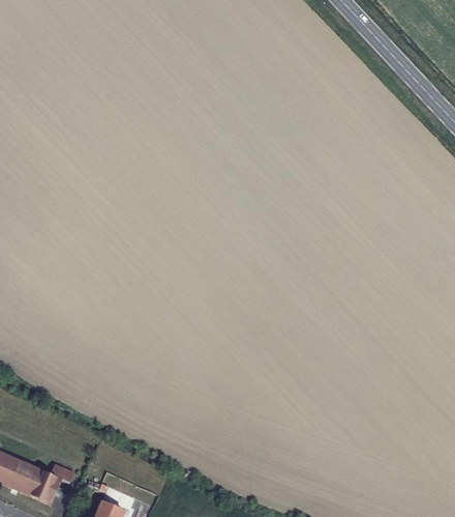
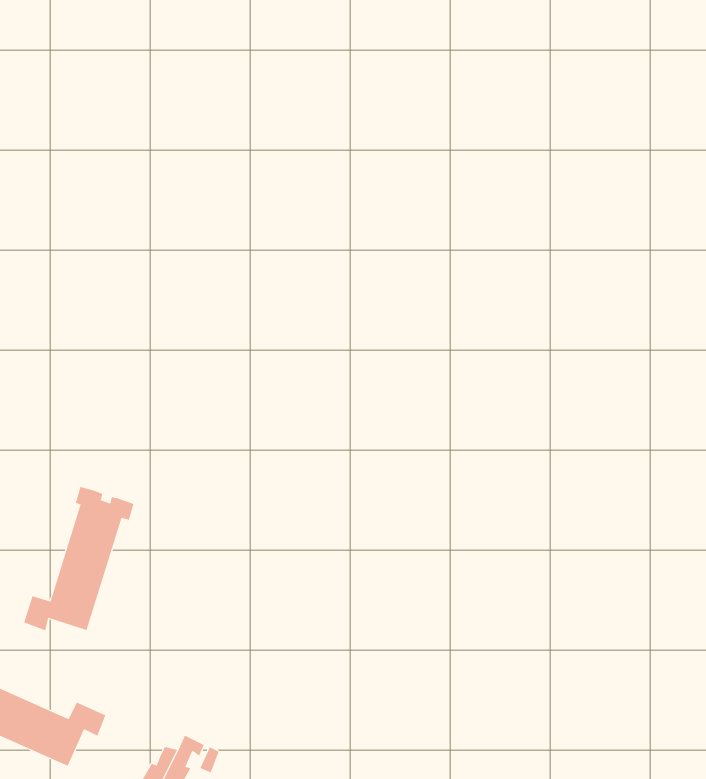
building: none -> [24,486,134,631]

